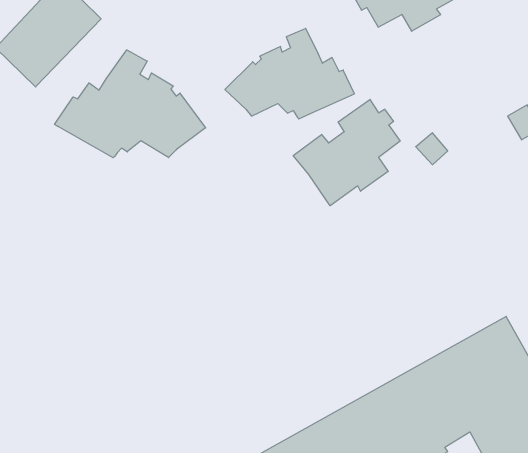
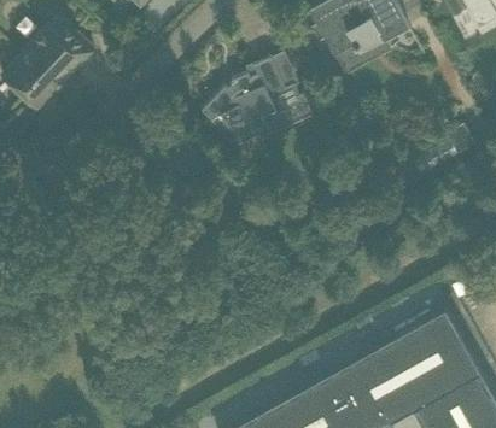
building: [55,50,206,158] -> none
building: [293,99,400,206] -> none

